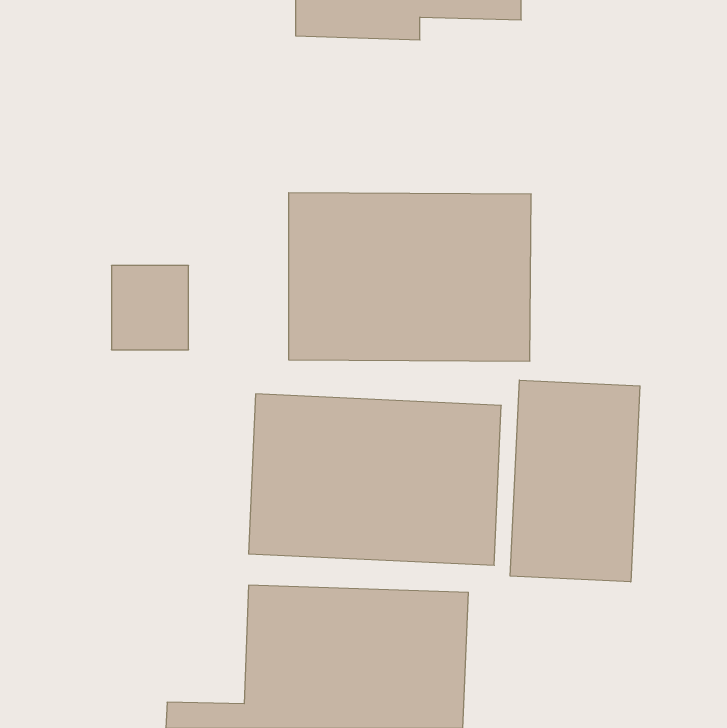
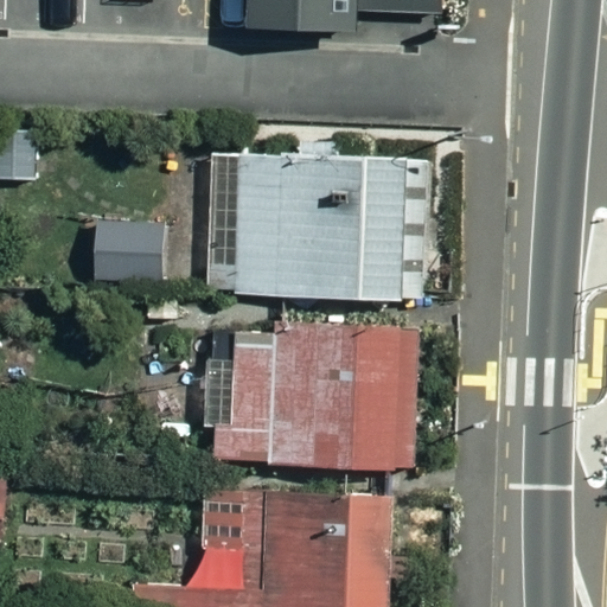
building: [510,380,640,582] -> none

